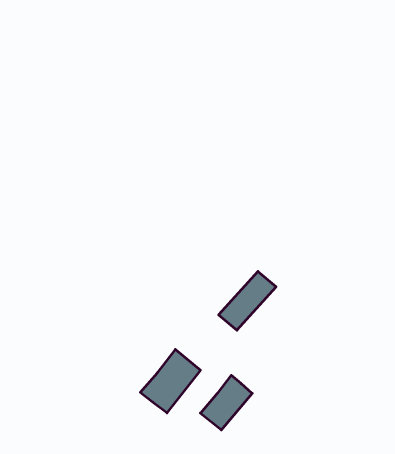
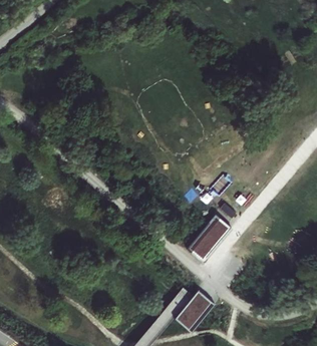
building: [140,349,200,413] -> none

